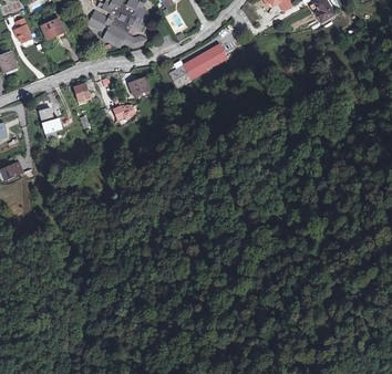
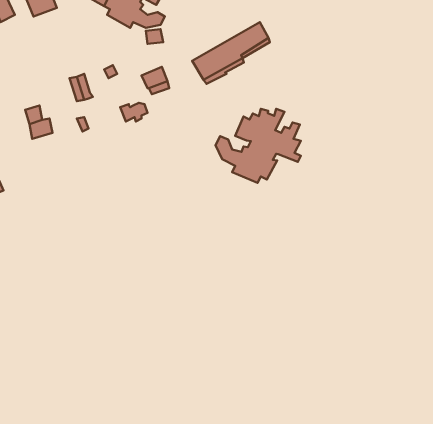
building: none -> [215,109,301,183]

